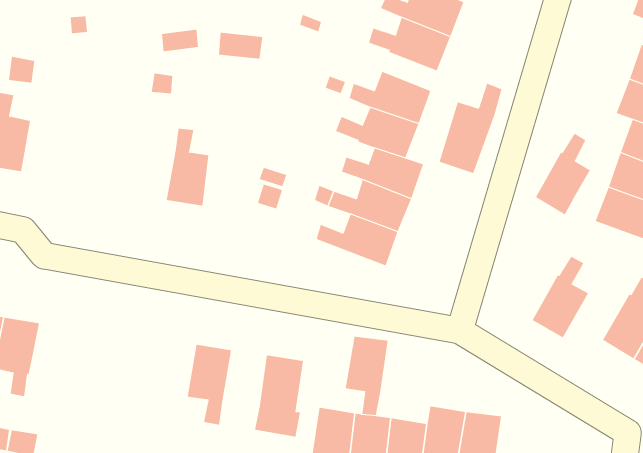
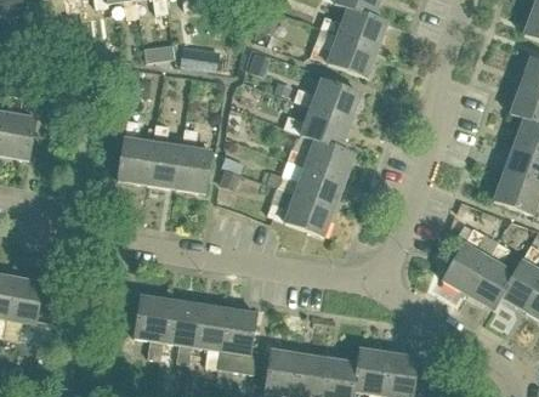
building: [439,83,502,174] -> none
building: none -> [117,119,153,182]
building: none -> [176,127,211,192]
building: [535,133,601,215] -> [467,242,521,308]
building: [345,336,388,416] -> [192,304,227,368]
building: none -> [134,294,170,359]

